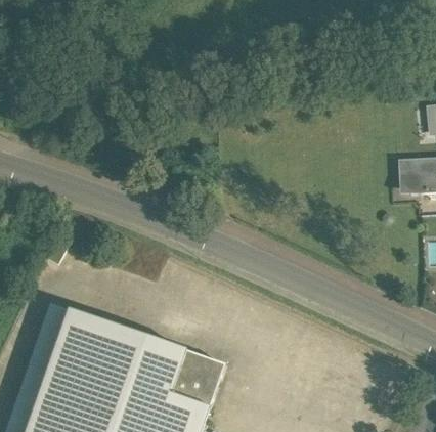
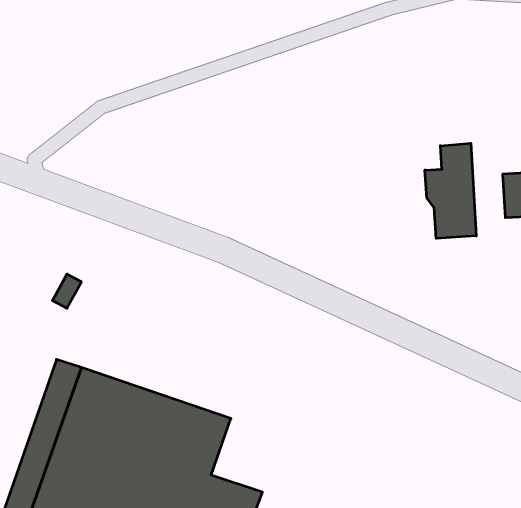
building: none -> [425,143,476,238]
building: [172,351,227,408] -> none

